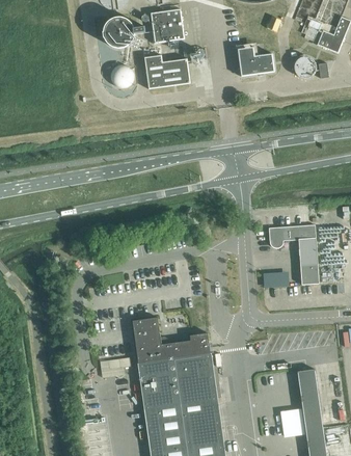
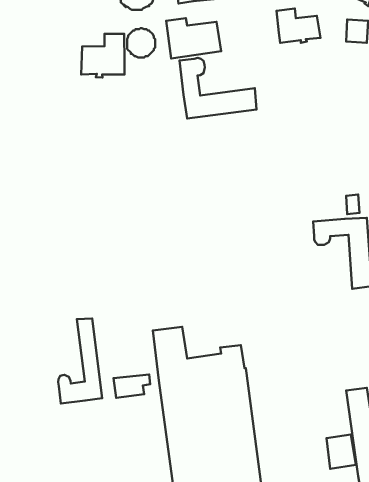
building: none -> [81,34,125,78]
building: none -> [179,58,257,119]
building: [263,271,290,288] -> none
building: none -> [58,319,102,403]

